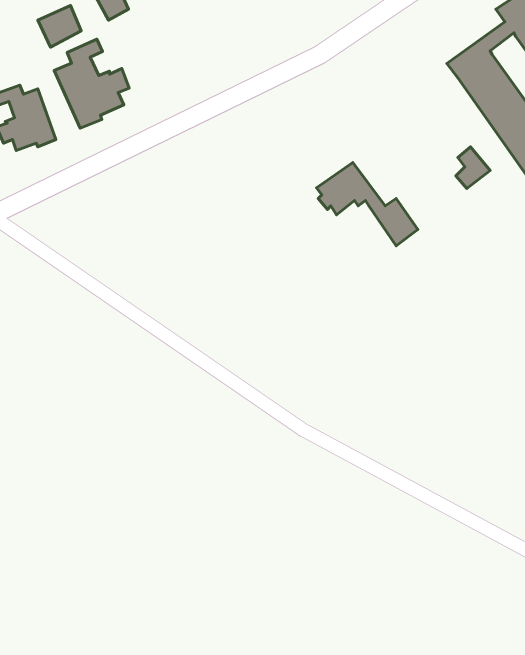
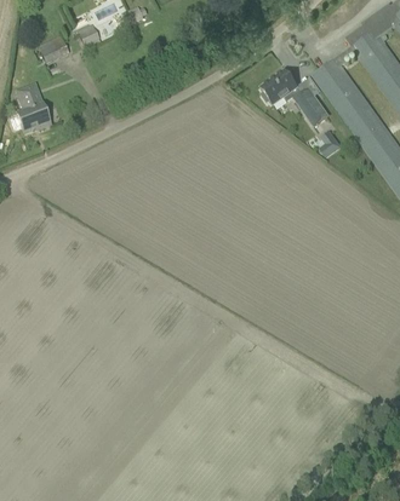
building: [54,39,129,128] -> none
building: [316,162,418,246] -> [259,70,327,126]

